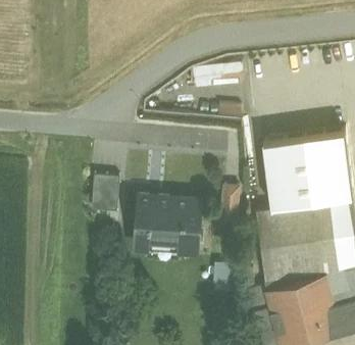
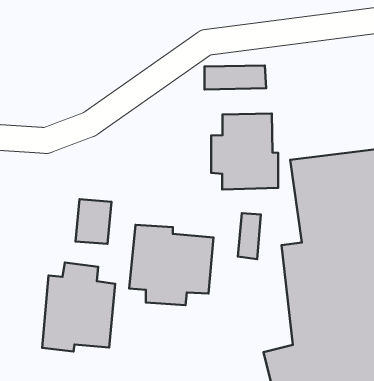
building: none -> [211,114,278,190]
building: none -> [42,263,115,352]

